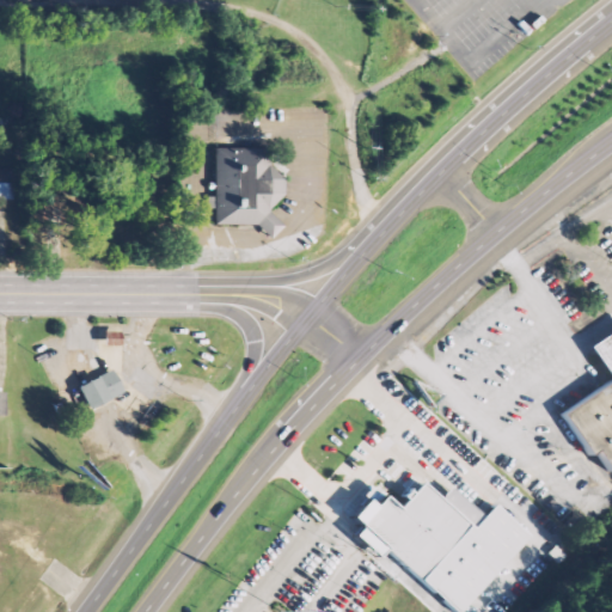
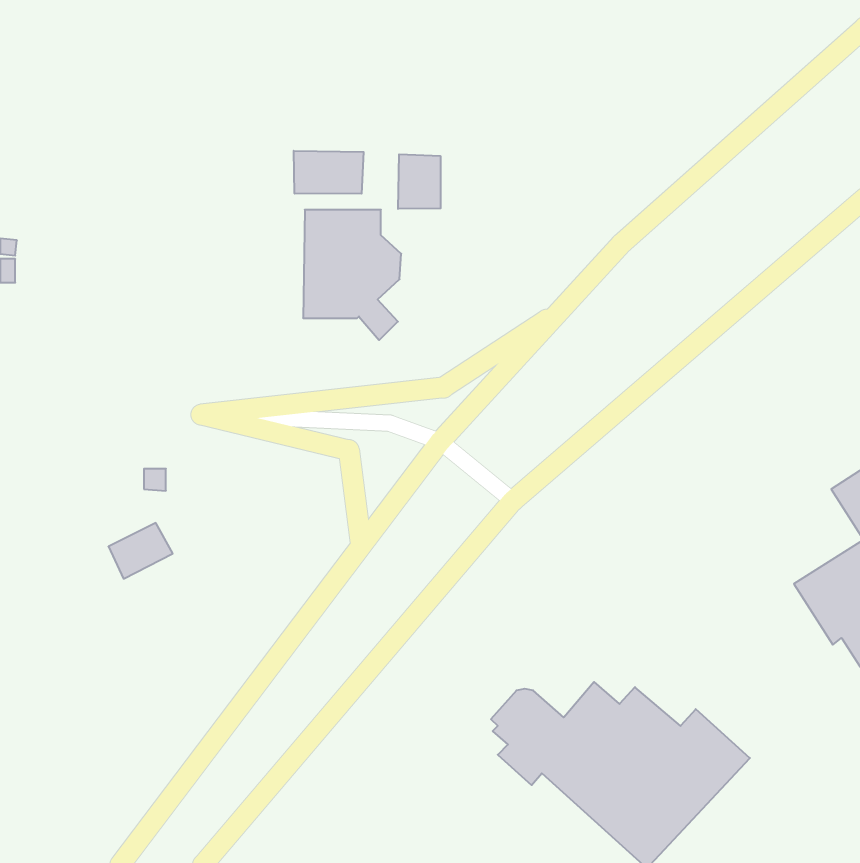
building: none -> [294,151,364,194]
building: none -> [398,154,441,209]

